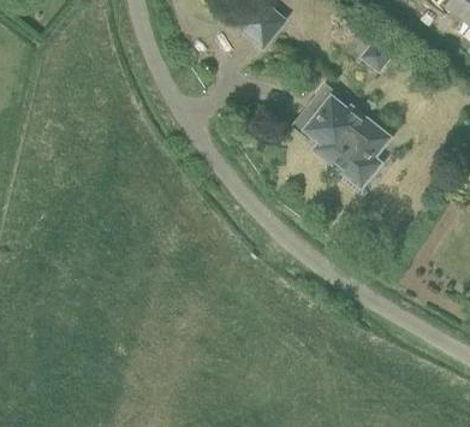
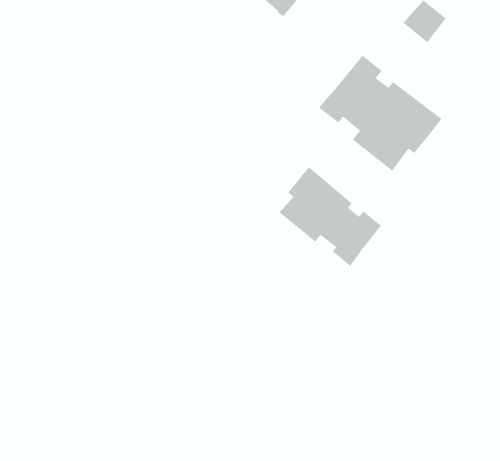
building: none -> [279,167,382,267]

